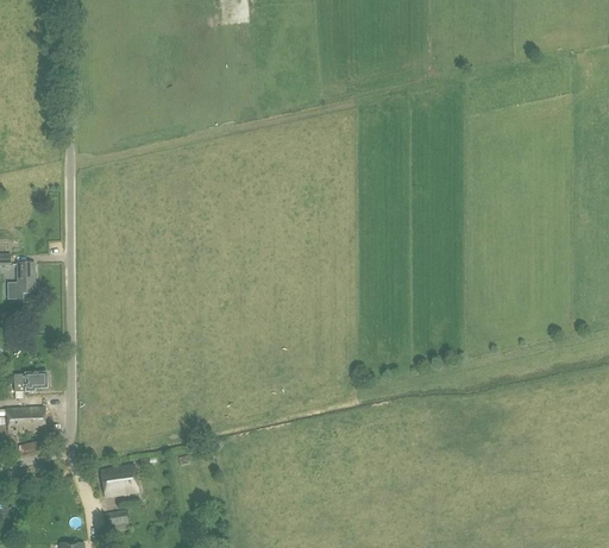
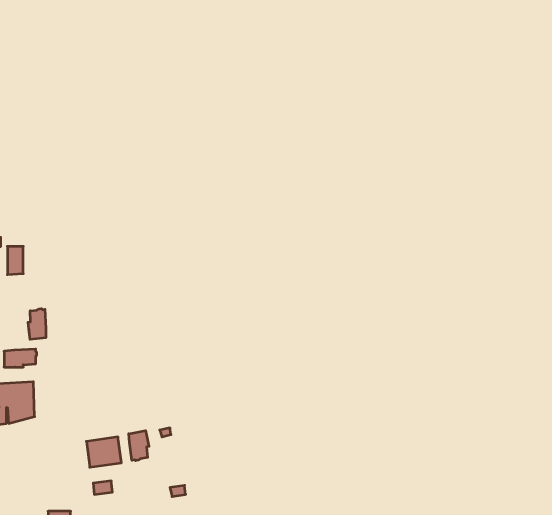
building: none -> [28,309,46,339]
building: none -> [129,431,149,461]

